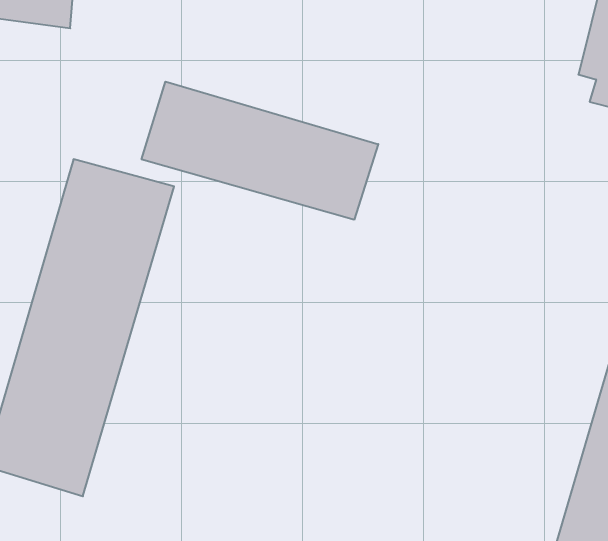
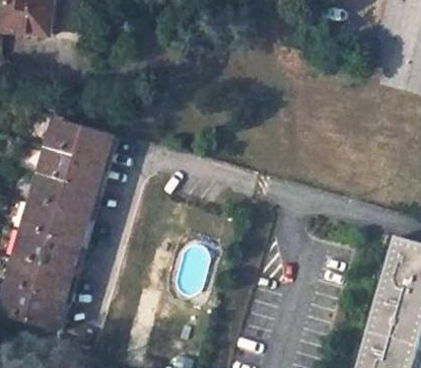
building: [142,82,378,220] -> none

